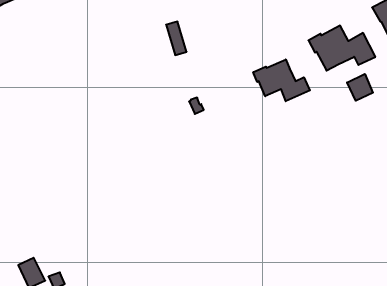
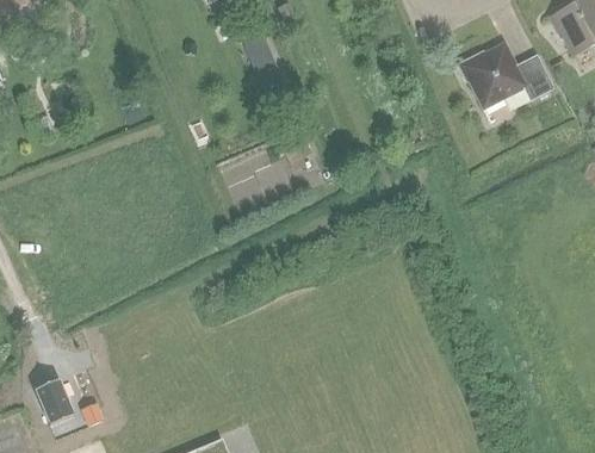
building: [253,59,310,101] -> none
building: [347,74,373,101] -> none

